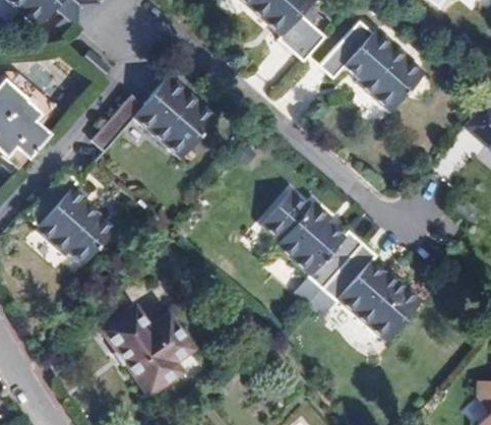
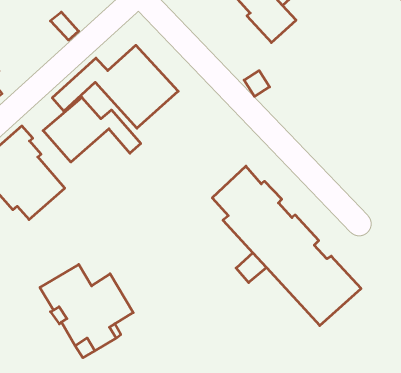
building: [316,21,423,114] -> none
building: none -> [43,97,141,162]

